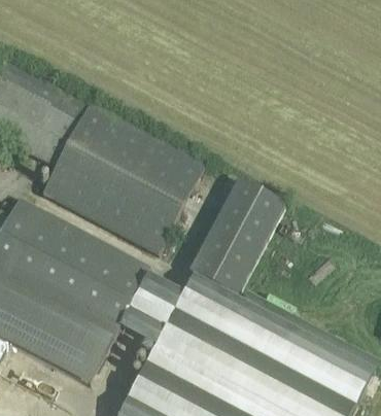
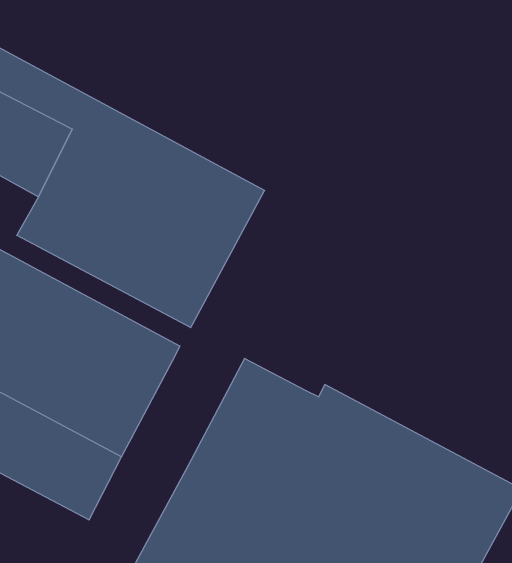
building: [188,180,286,298] -> none
building: [119,274,185,348] -> none

